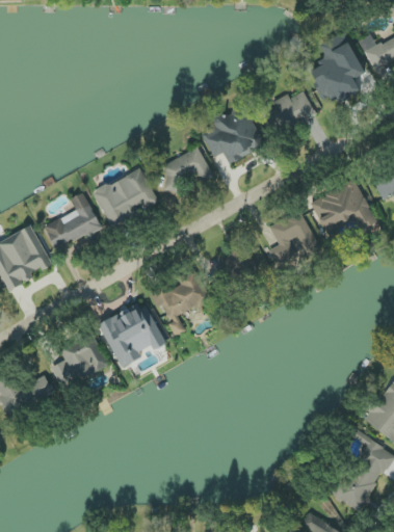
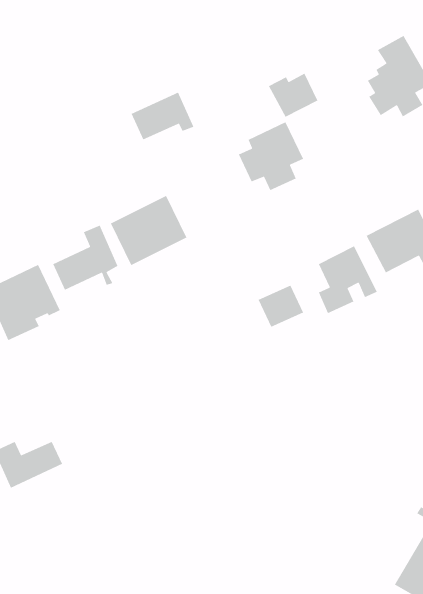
building: [272,90,315,129] -> [268,72,318,118]
building: [159,148,213,189] -> [131,91,194,141]
building: [150,274,207,337] -> none
building: [99,301,164,368] -> none
building: [51,335,107,388] -> none

